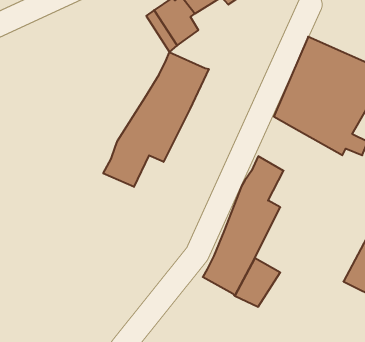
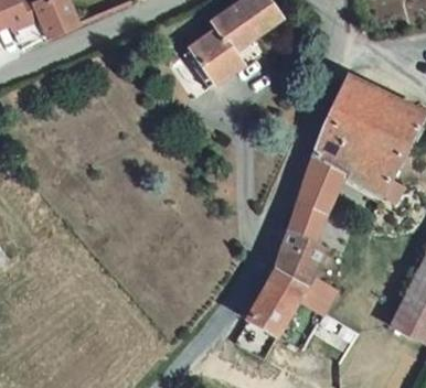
building: [103,52,209,187] -> none
building: none -> [299,157,340,211]

